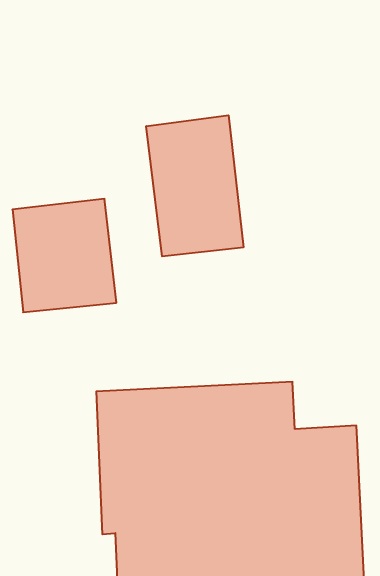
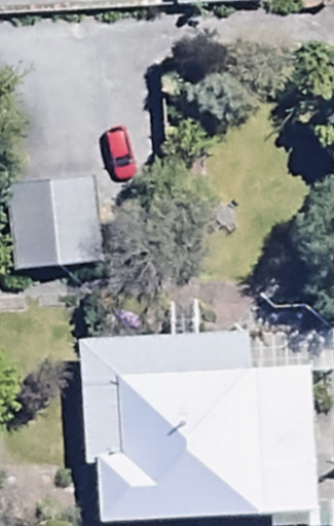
building: [146,115,243,256] -> none

